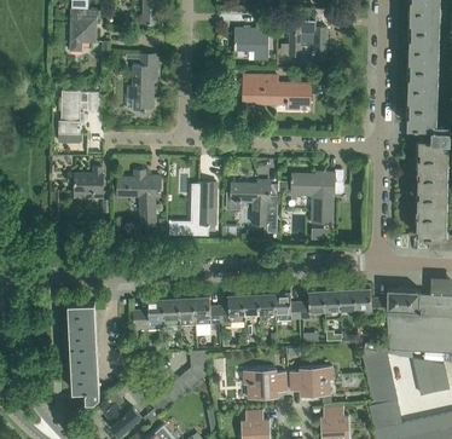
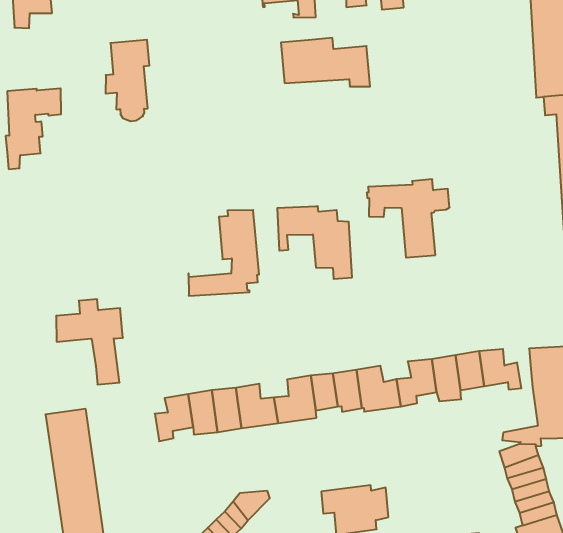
building: [68,168,103,198] -> none
building: [116,169,160,225] -> [56,299,123,384]
building: [289,366,332,397] -> none

